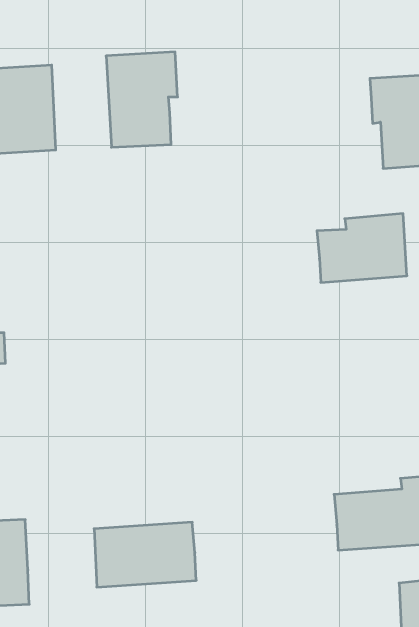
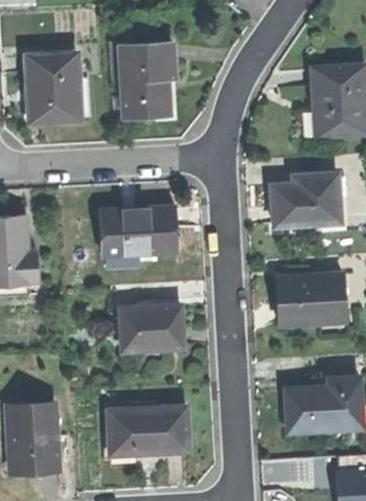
building: none -> [96,209,172,269]
building: none -> [284,270,352,322]
building: none -> [116,307,179,352]

